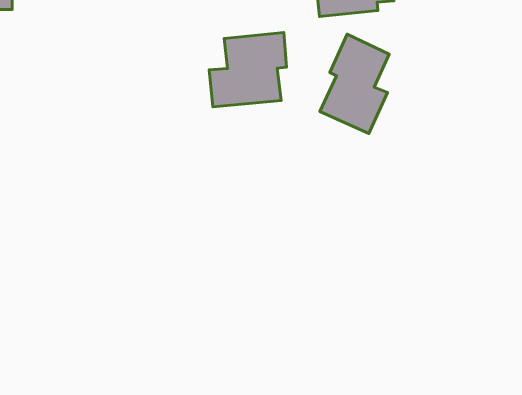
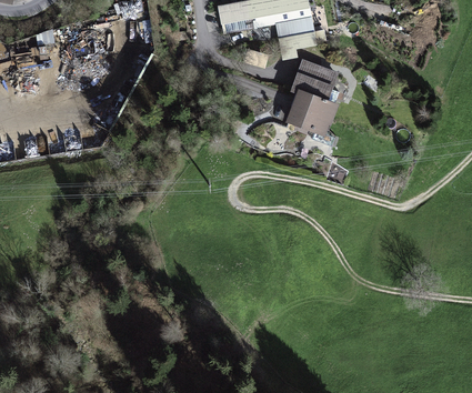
building: [209,32,287,107] -> none

